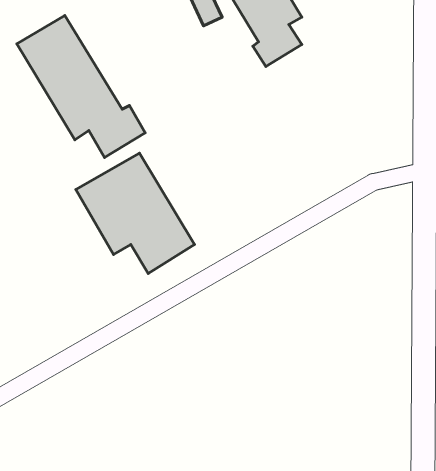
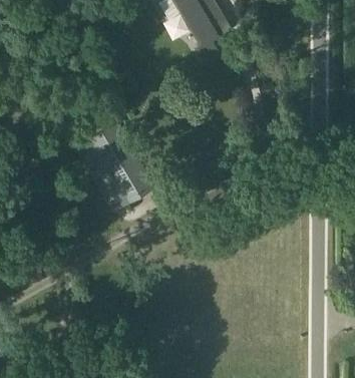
building: [17,16,145,158] -> none

